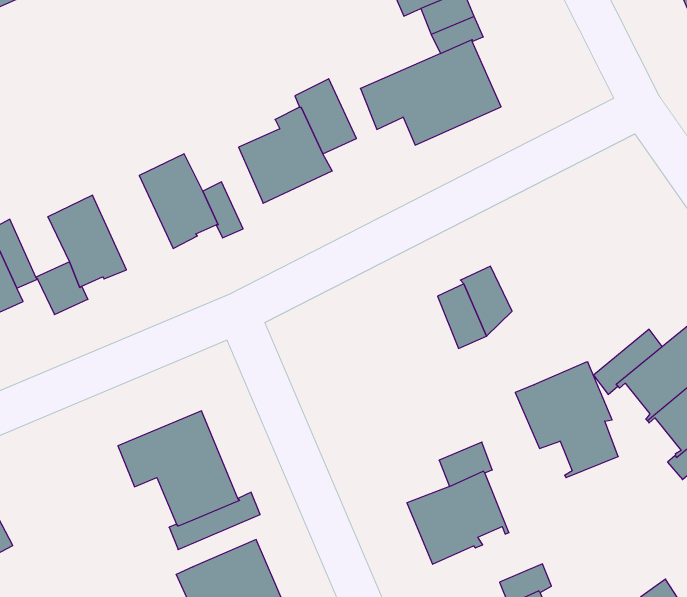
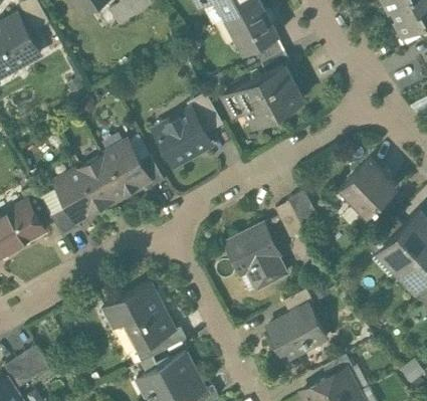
building: none -> [77,156,125,209]
building: none -> [340,160,395,216]
building: [515,362,618,478] -> [224,224,284,289]

